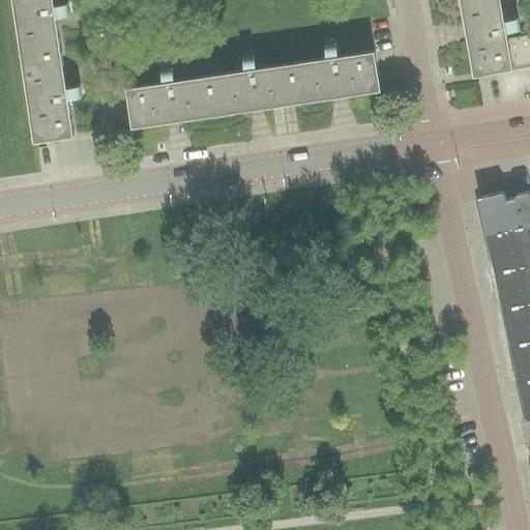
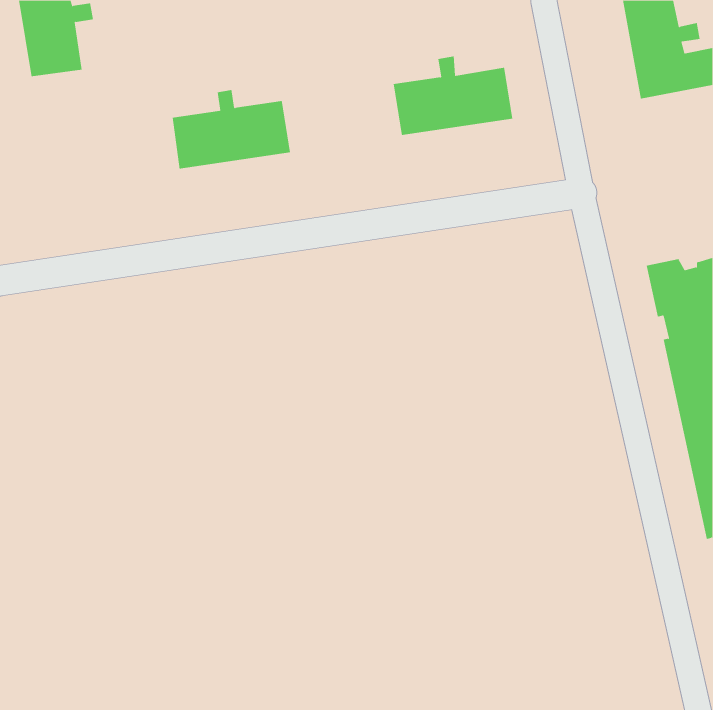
building: [23,55,82,143] -> none
building: [209,57,297,116] -> none

